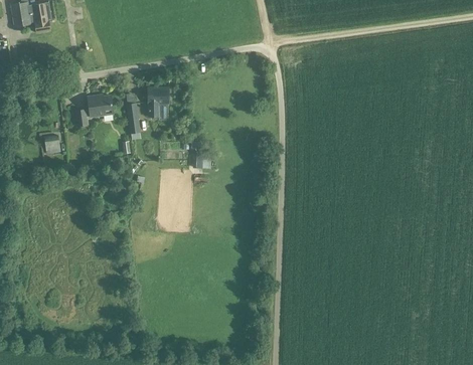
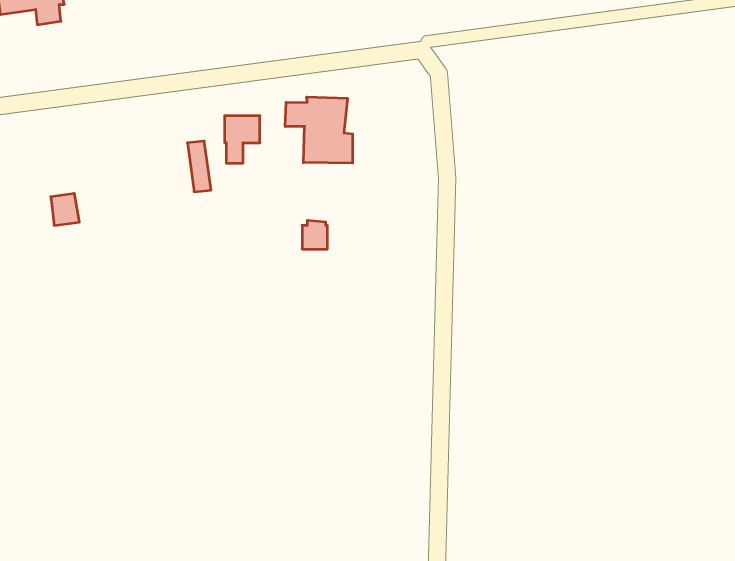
building: none -> [285,97,353,163]
building: [72,95,113,127] -> none

